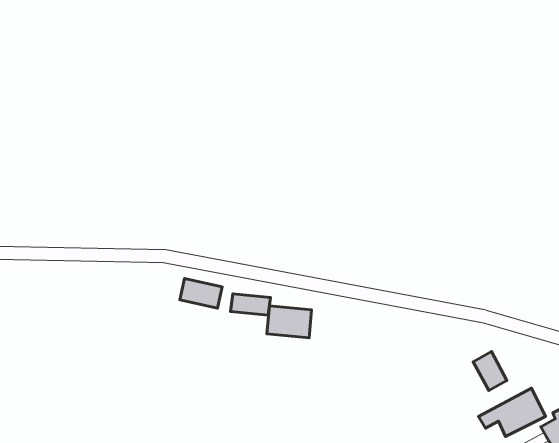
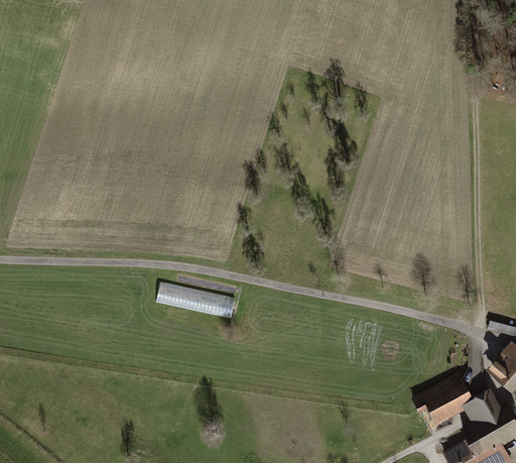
building: [267,306,312,338] -> none
building: [473,351,507,391] -> none

